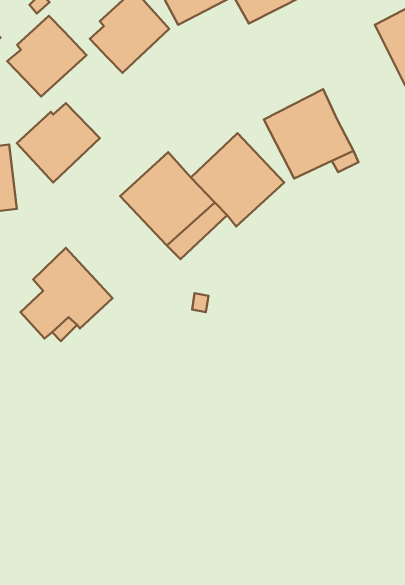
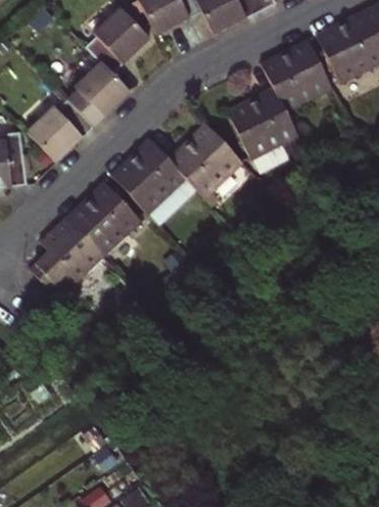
building: [7,16,87,97] -> [65,61,130,127]
building: none -> [260,39,332,111]
building: none -> [65,181,141,257]

